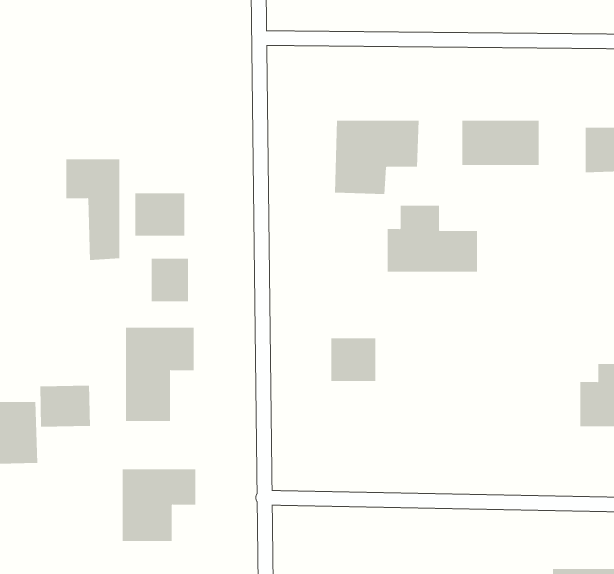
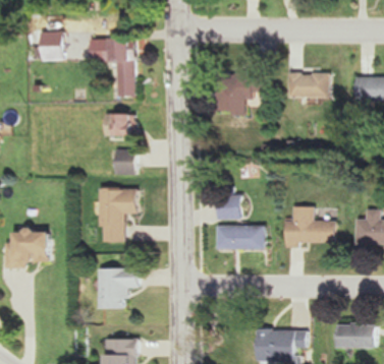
building: none -> [41,32,63,60]
building: [66,159,120,260] -> [102,39,132,96]
building: [387,205,478,272] -> [282,206,333,244]
building: [40,385,90,428] -> none
building: none -> [214,226,263,250]

